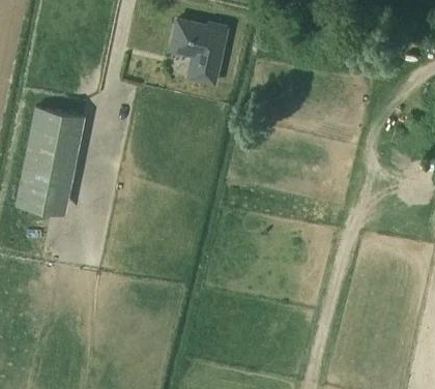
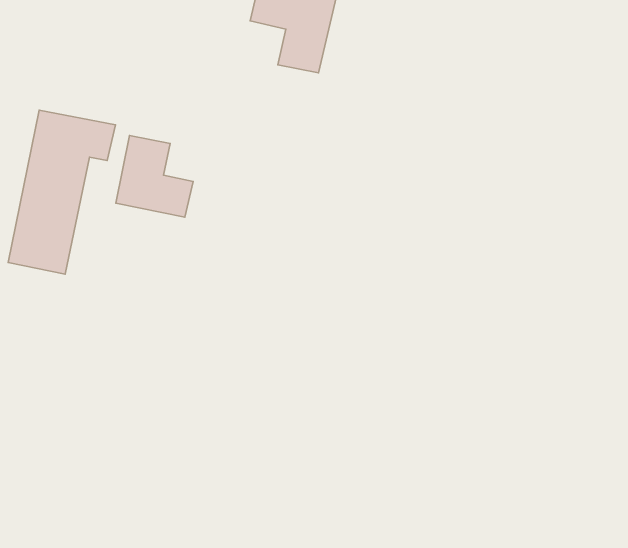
building: none -> [116,135,193,217]

